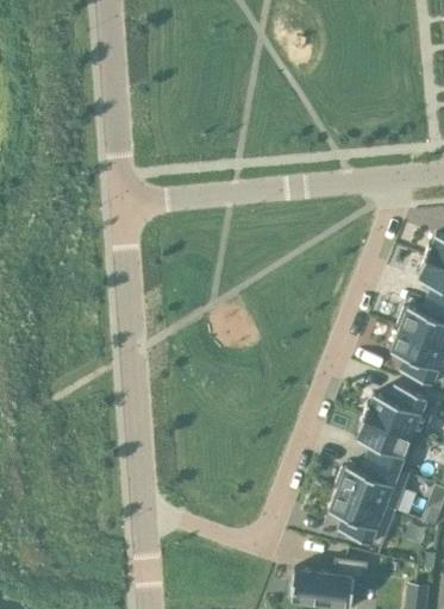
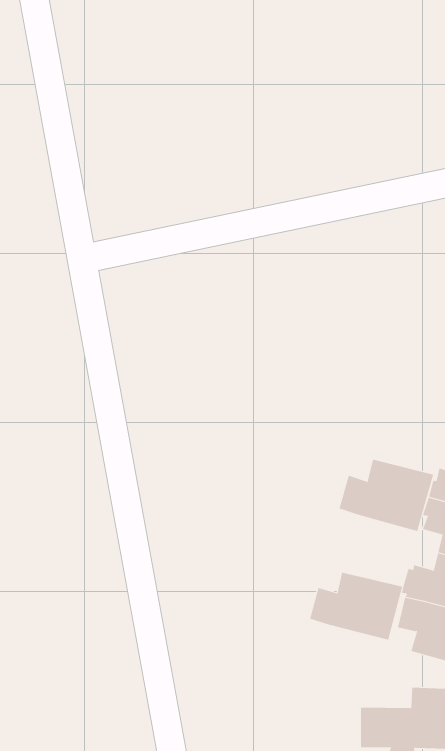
building: none -> [339,459,434,532]
building: none -> [309,572,403,640]

